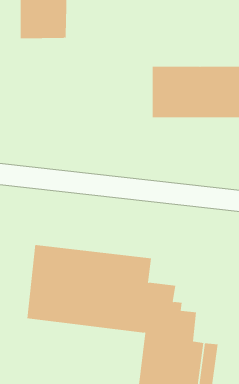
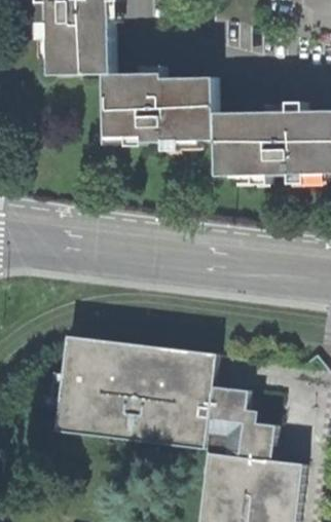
building: none -> [104,70,216,141]

